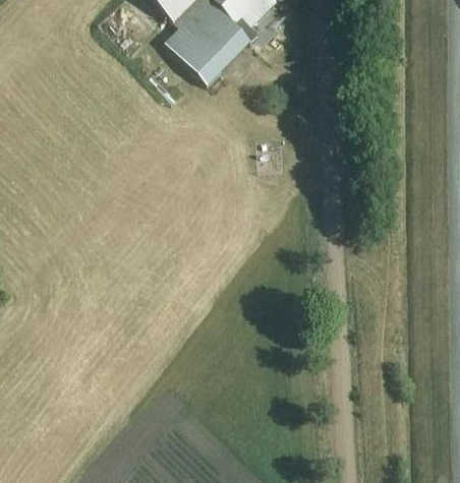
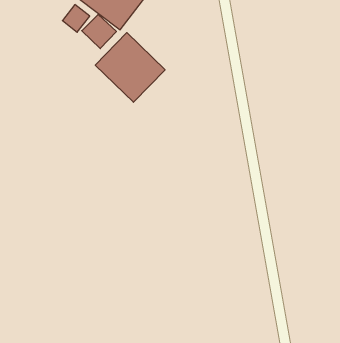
building: none -> [95,33,165,102]

